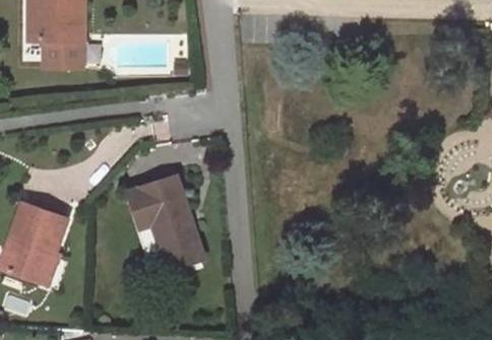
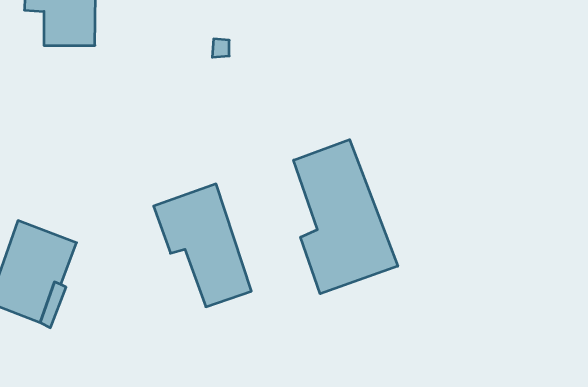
building: none -> [294,140,398,294]

